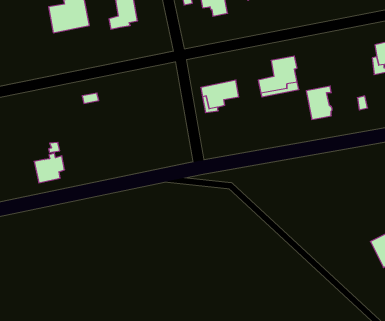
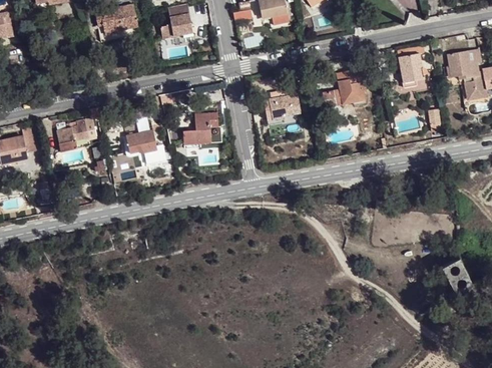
building: [306,86,332,119] -> [397,46,425,82]
building: none -> [183,113,217,146]
building: none -> [125,129,157,153]
building: [34,153,65,183] -> [56,120,89,152]

